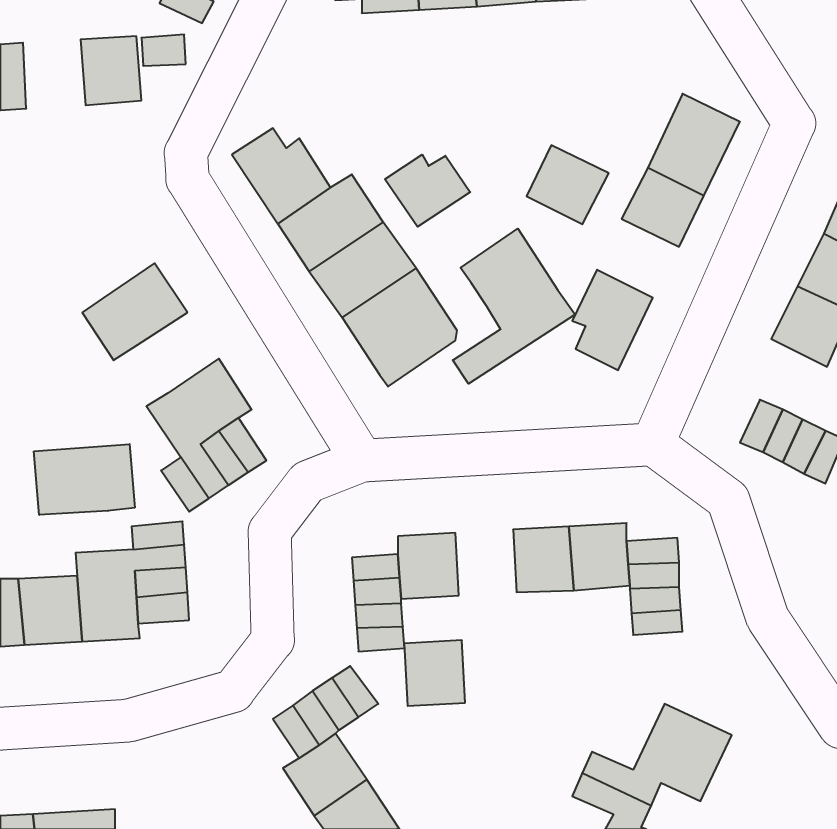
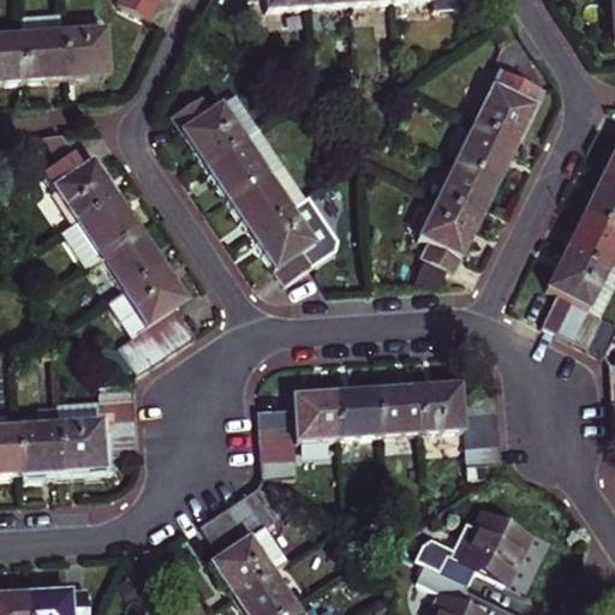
building: none -> [19,29,65,79]
building: [527,145,609,224] -> [438,160,498,217]
building: [385,155,470,227] -> none
building: none -> [44,148,115,217]
building: [453,229,575,384] -> none
building: none -> [102,228,162,287]
building: none -> [549,247,607,303]
building: [34,444,135,515] -> none
building: [404,640,465,706] -> [335,387,380,435]

